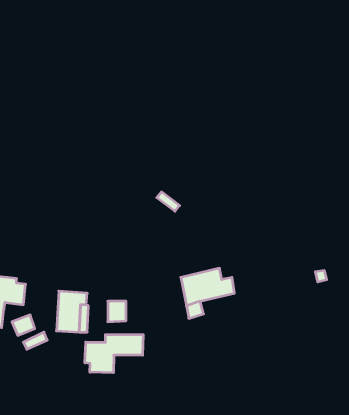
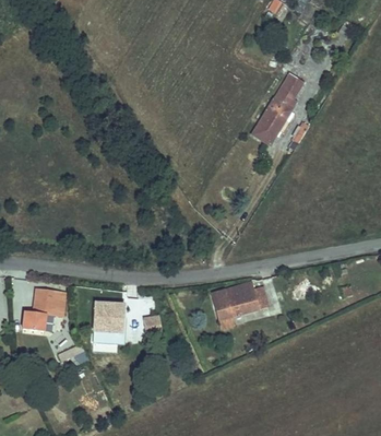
building: none -> [253,73,302,142]
building: [85,335,143,373] -> none

